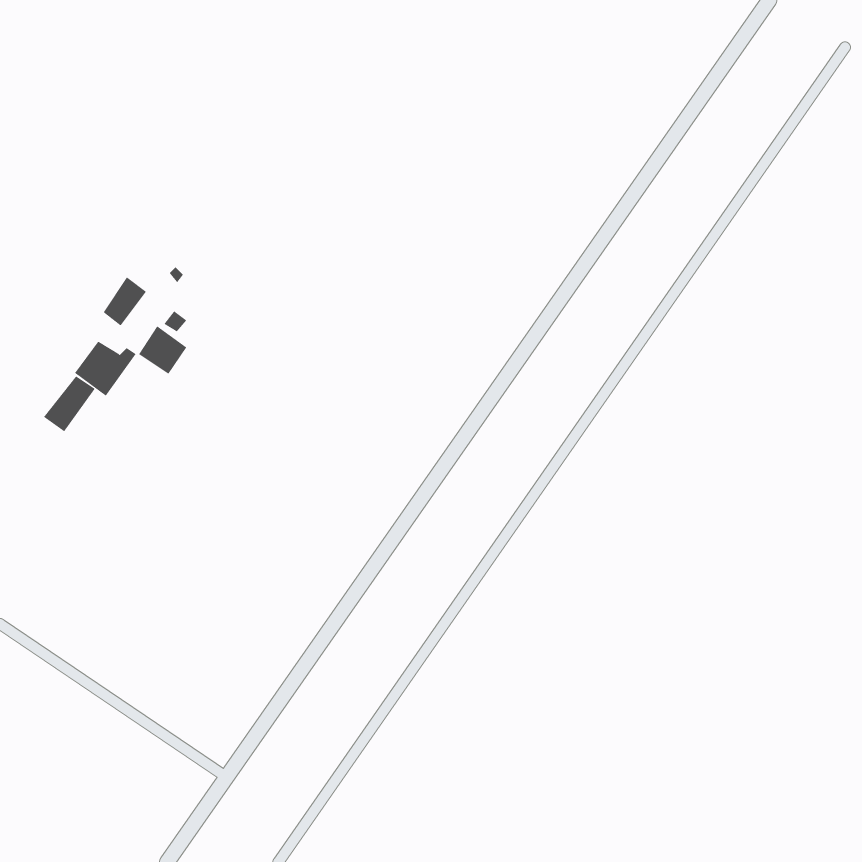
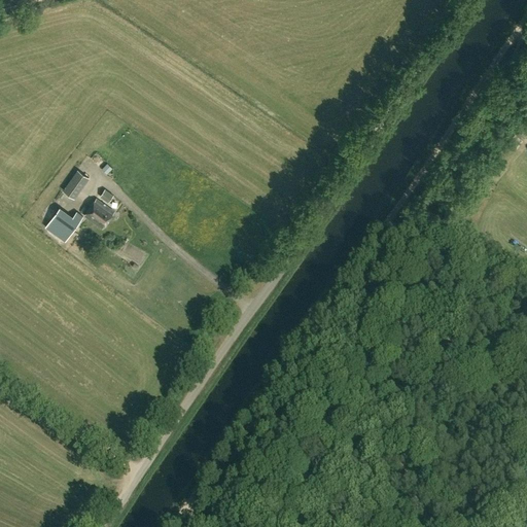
building: [43,376,95,432] -> none

